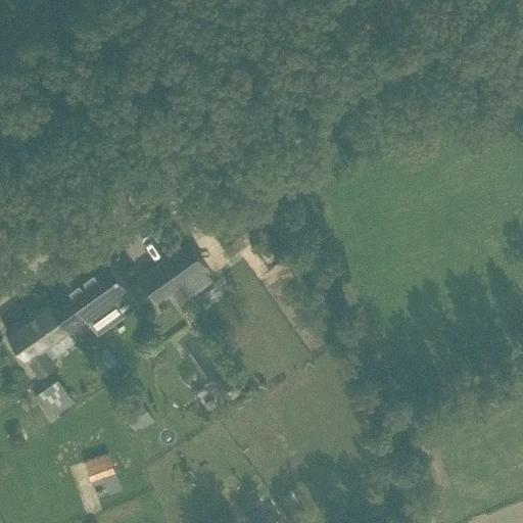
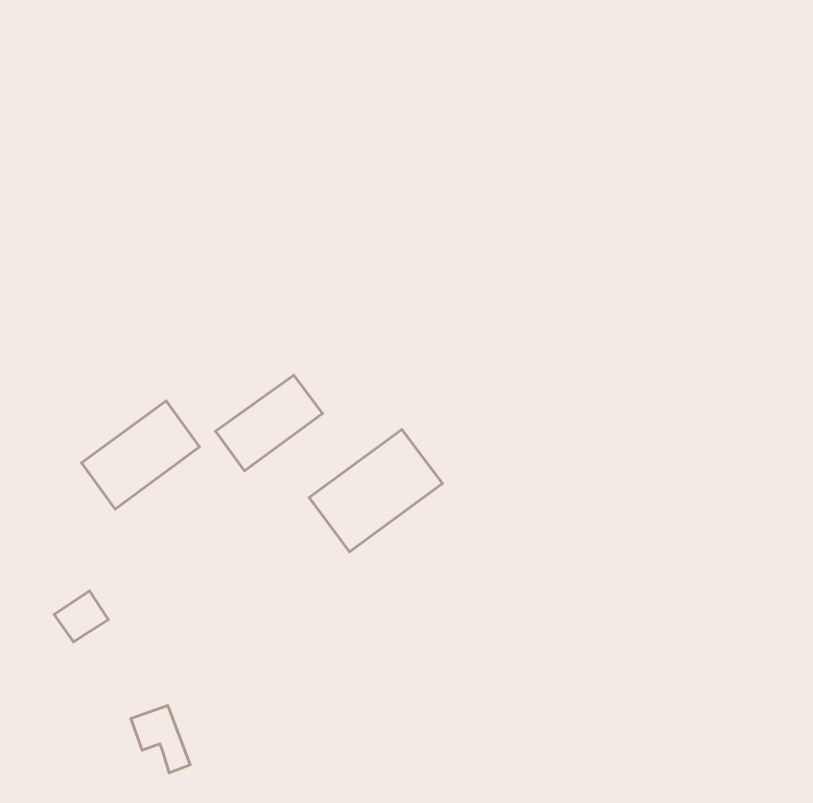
building: none -> [309,429,442,552]
building: [7,304,76,383] -> none

